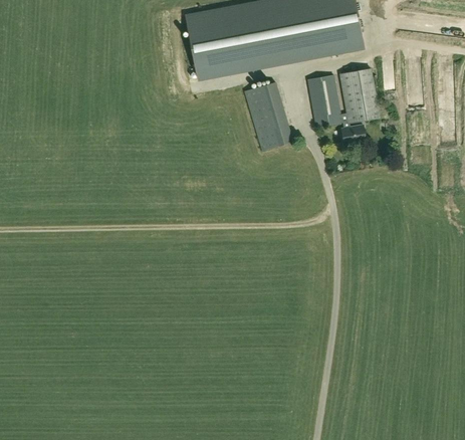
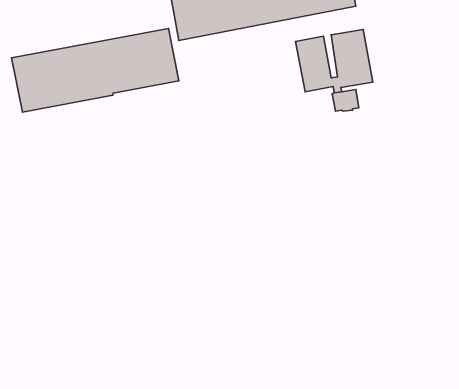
building: none -> [11,29,179,112]
building: [244,80,293,150] -> none

